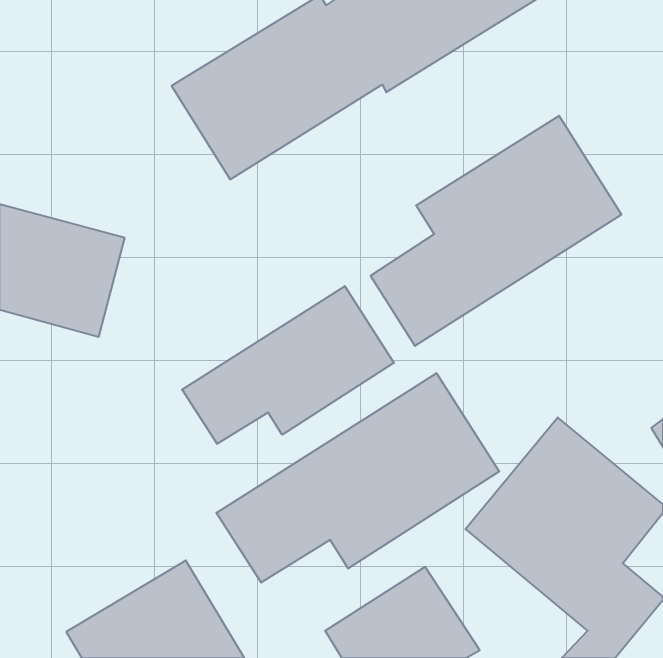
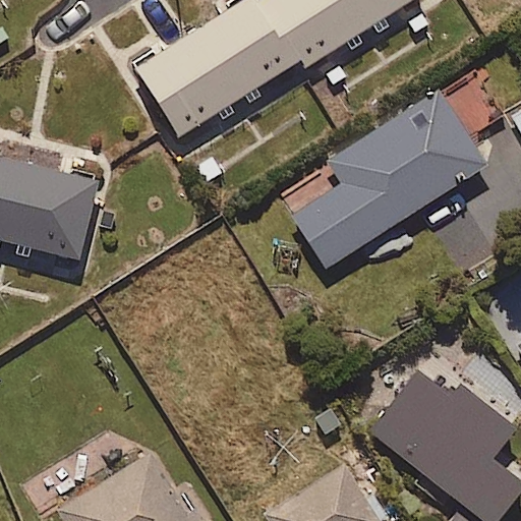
building: [182,286,394,444] -> none
building: [216,373,499,583] -> none

